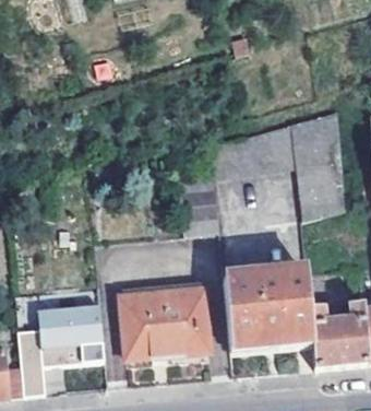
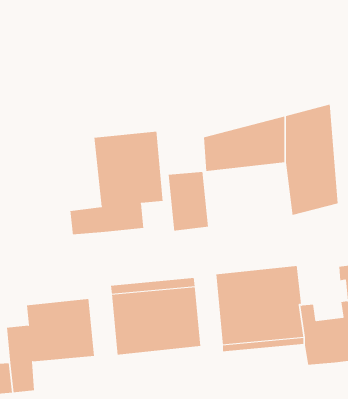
building: none -> [70,131,163,235]

